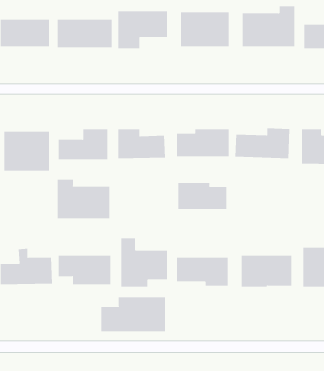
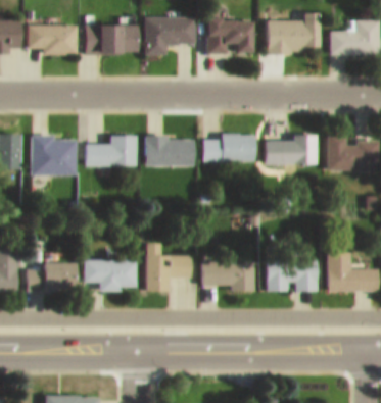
building: [57,179,110,219] -> none
building: [178,182,227,210] -> none
building: [101,296,165,332] -> none

